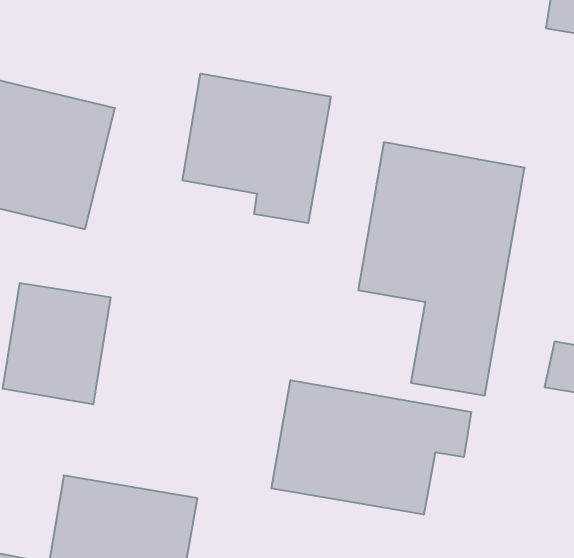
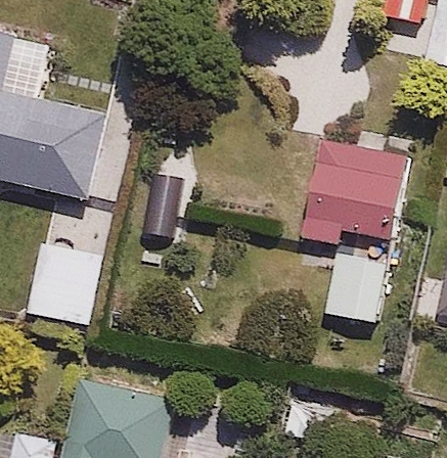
building: [182,74,331,223] -> none
building: [272,380,471,515] -> none

